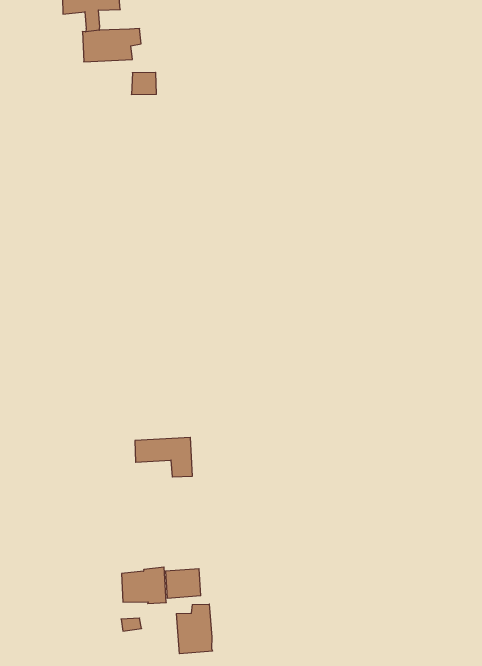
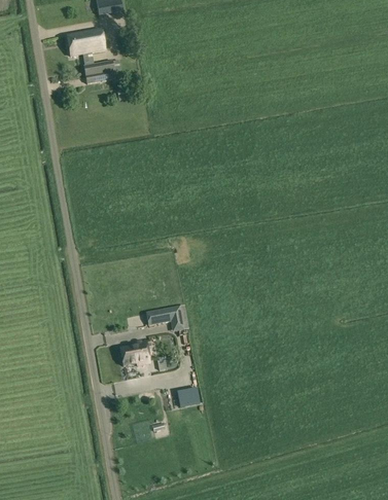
building: [122,567,166,604] -> [120,341,150,365]
building: [176,604,212,654] -> none

